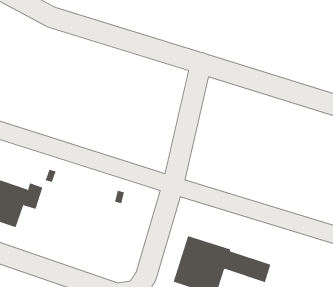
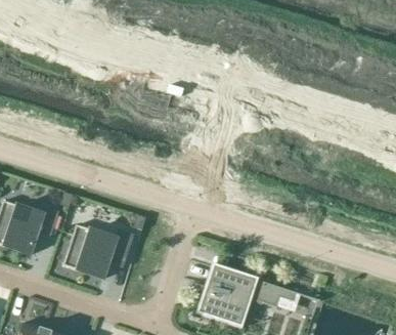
building: none -> [63,224,135,278]

